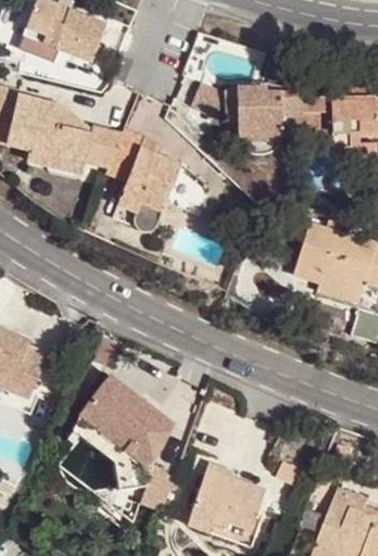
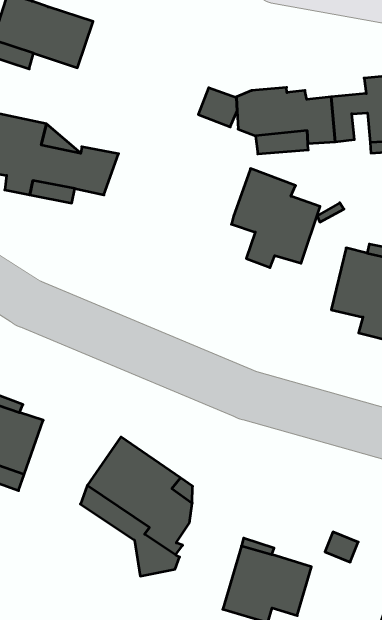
building: [105,129,180,213] -> [231,169,320,268]

